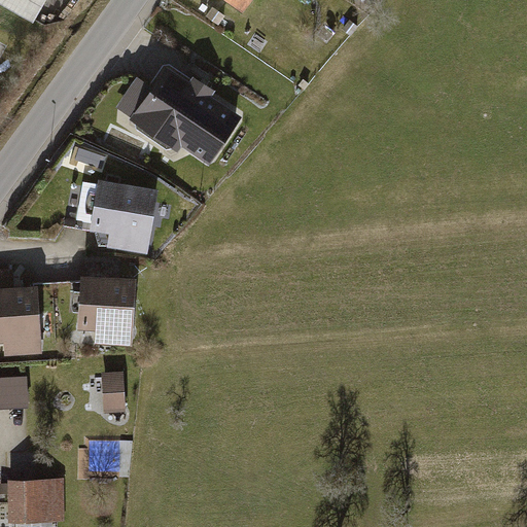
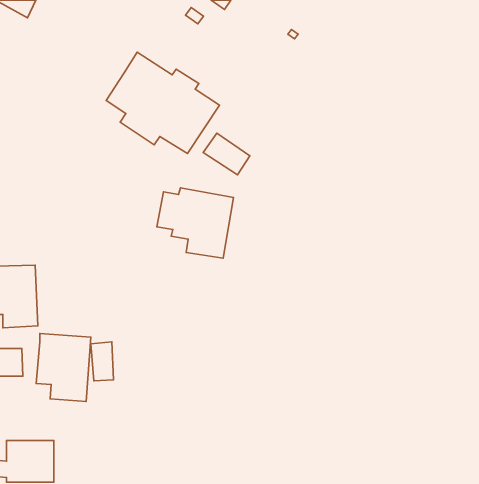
building: none -> [203,133,250,175]
building: [76,177,160,253] -> [157,188,234,258]
building: [80,274,140,348] -> [36,333,91,402]

